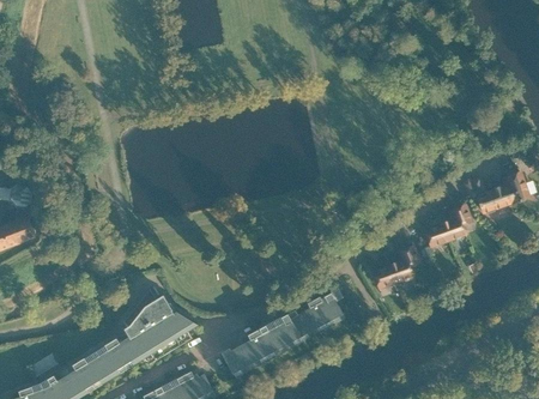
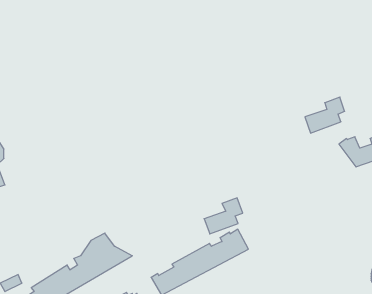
building: [422,202,472,248] -> [305,97,345,133]
building: [371,243,420,289] -> [204,198,243,234]

